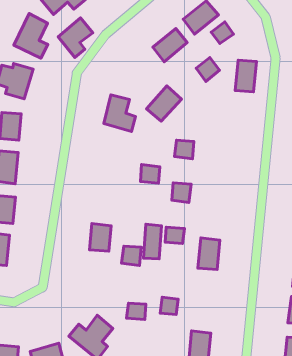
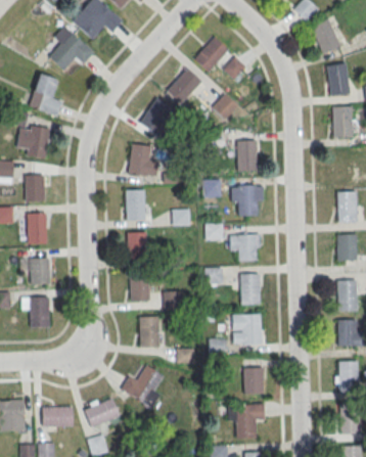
building: [58,18,93,58] -> none
building: [235,60,256,92] -> [237,140,257,172]
building: [146,86,181,121] -> [139,97,173,133]
building: none -> [125,189,145,221]
building: none -> [231,185,263,216]
building: none -> [126,232,146,259]
building: none -> [237,234,257,262]
building: [143,224,162,259] -> none
building: none -> [139,317,159,348]
building: none -> [241,315,262,346]

